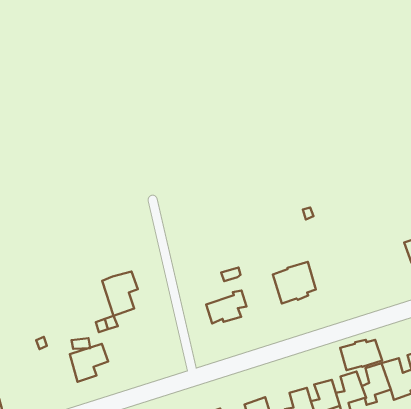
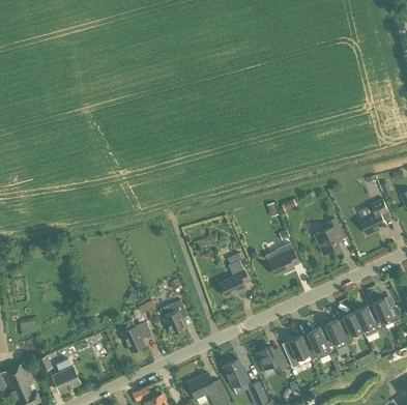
building: none -> [314,218,340,254]
building: [102,272,138,316] -> [159,299,186,334]
building: [340,340,382,370] -> none

